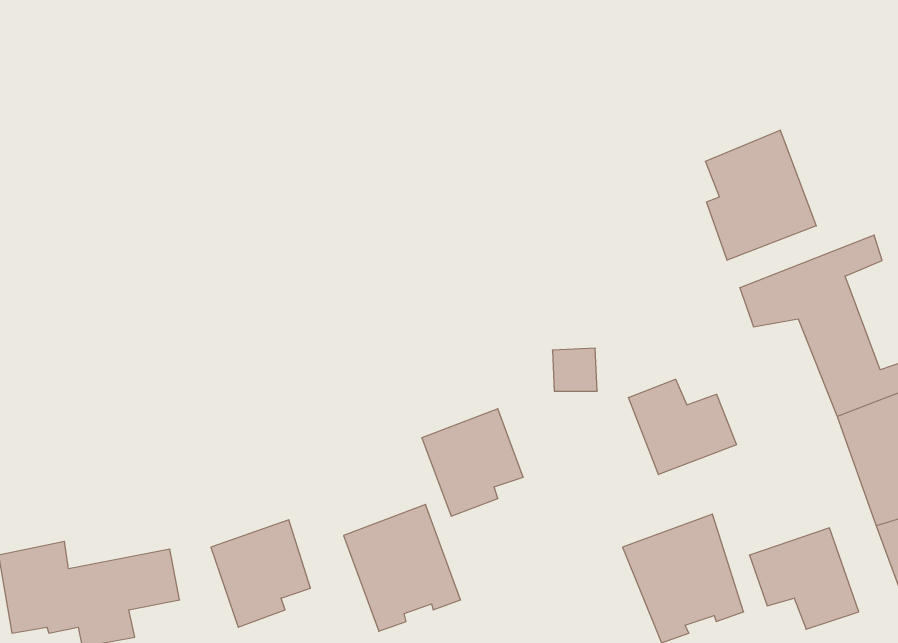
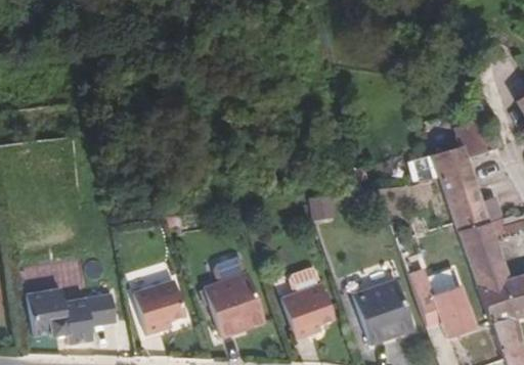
building: [705,130,816,260] -> none
building: [628,379,737,475] -> none
building: [422,409,523,516] -> [278,282,332,338]

